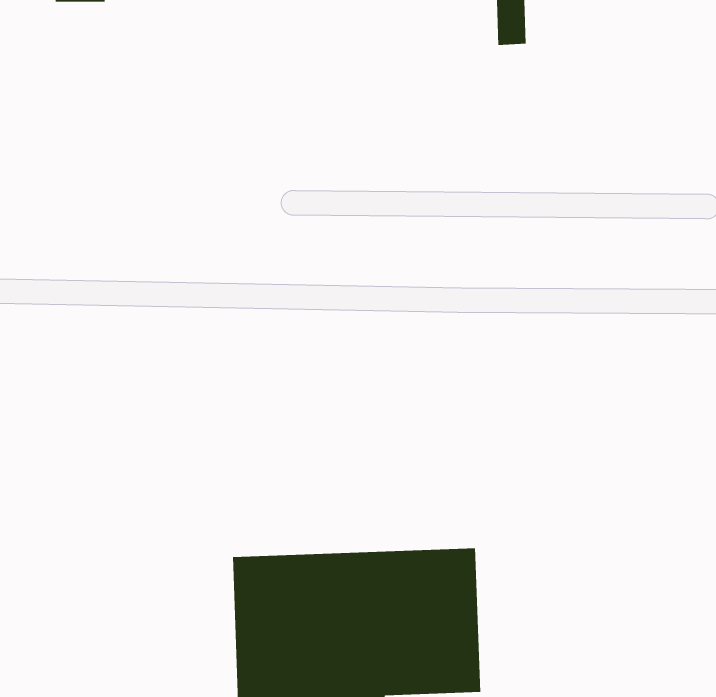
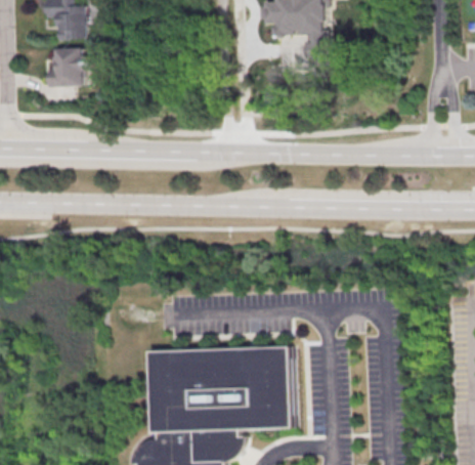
building: none -> [44,47,83,86]

